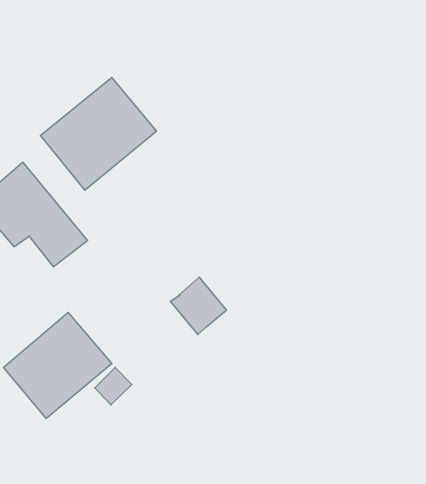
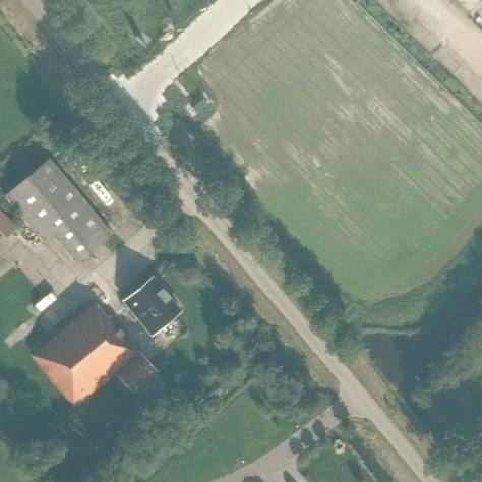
building: [40,78,156,190] -> none
building: [170,277,227,334] -> [126,278,180,333]

